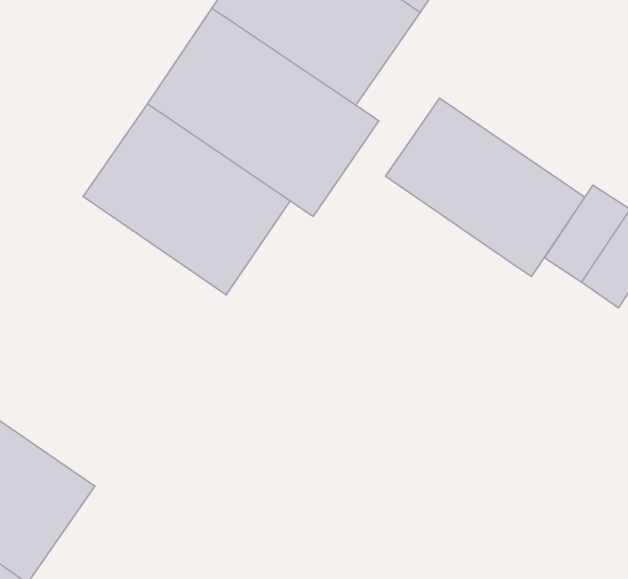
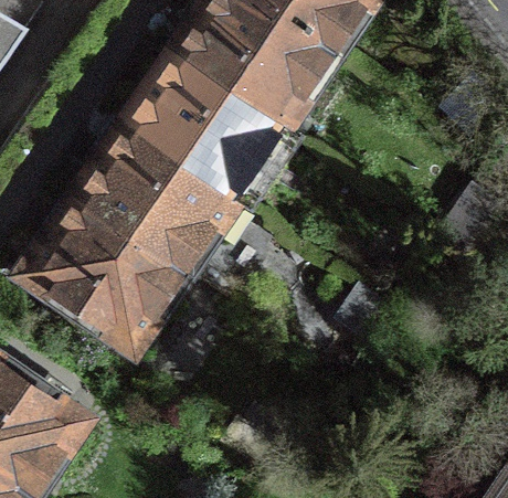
building: [386,98,585,276] -> none
building: none -> [22,195,184,347]

